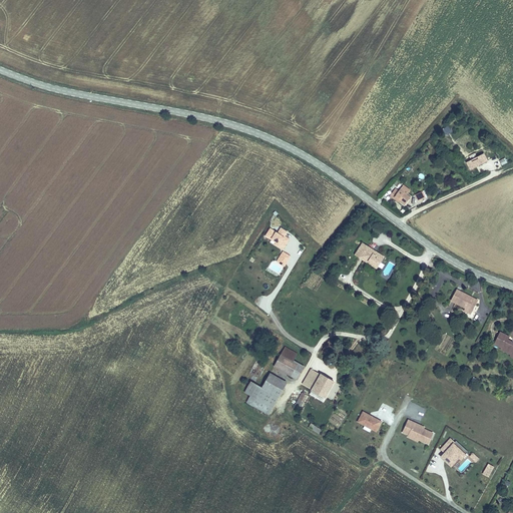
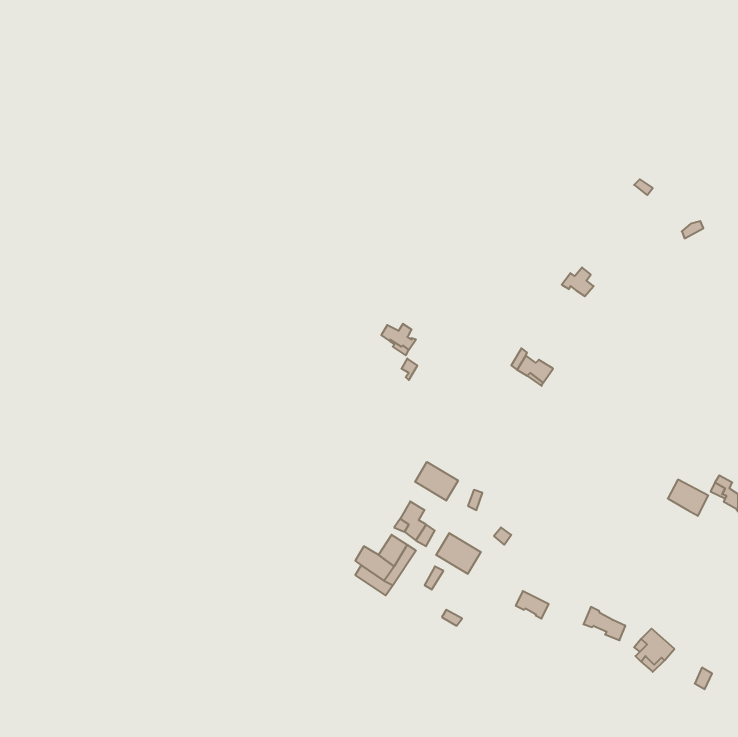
building: [447,288,475,313] -> [668,480,708,516]
building: none -> [415,462,458,501]

